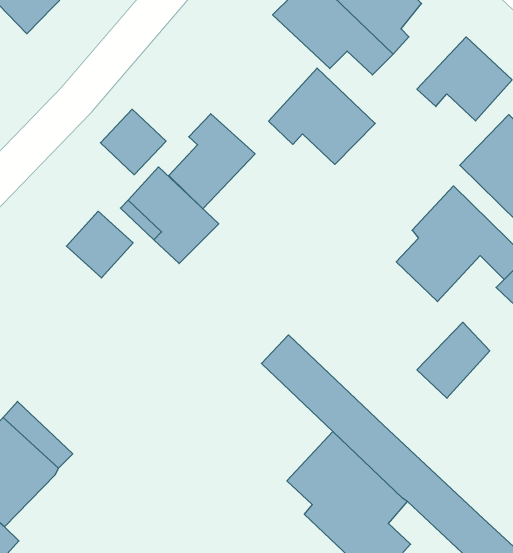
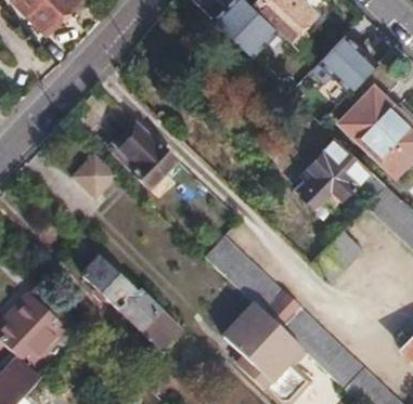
building: [269,68,375,164] -> none
building: [100,109,166,175] -> none
building: [169,114,255,209] -> none
building: none -> [80,257,182,351]

